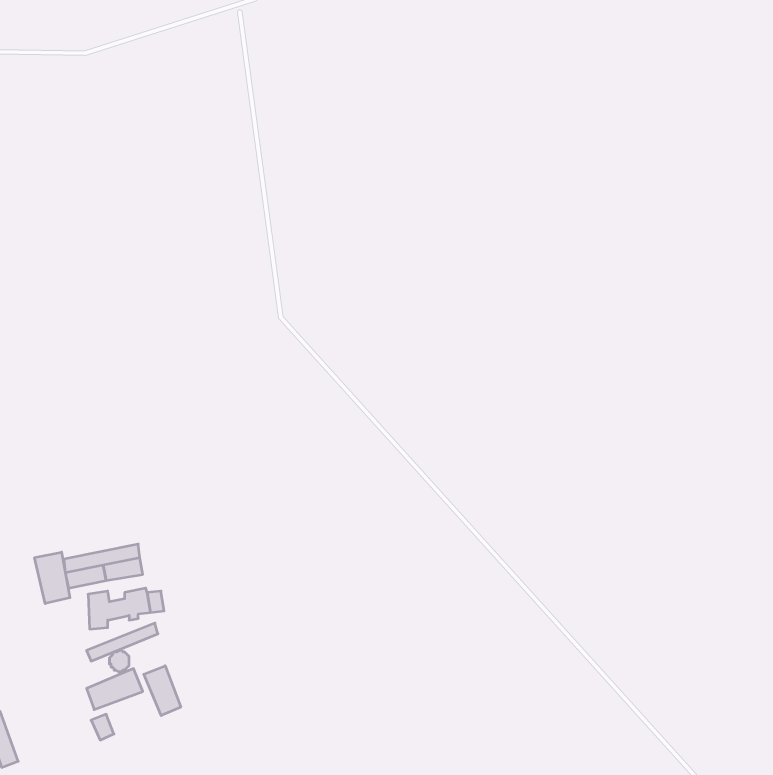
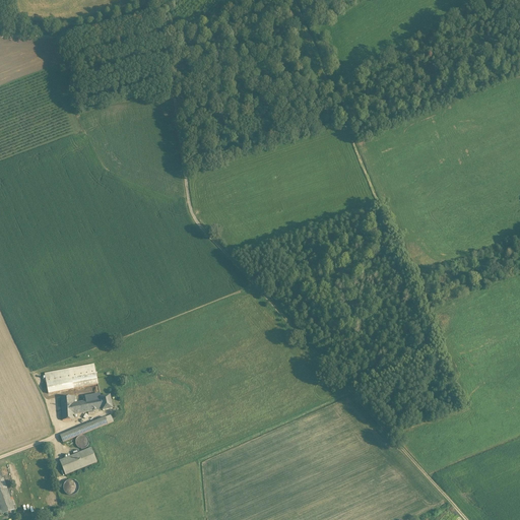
building: [35,552,70,604] -> none
building: [144,666,181,716] -> none

